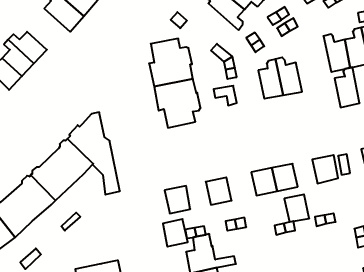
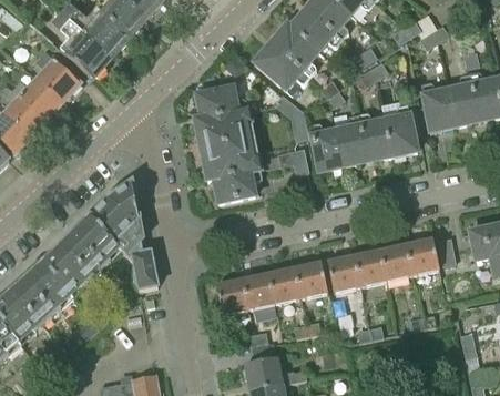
building: none -> [255,42,310,88]
building: none -> [35,51,81,102]
building: none -> [309,122,344,171]
building: [335,67,360,107] -> [385,104,417,156]
building: none -> [295,262,328,297]
building: [284,194,309,222] -> [380,244,412,280]
building: [163,219,188,247] -> [243,273,275,308]

